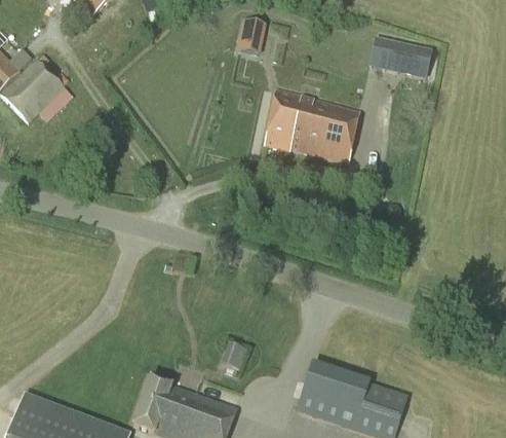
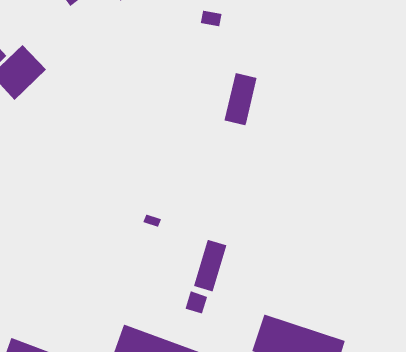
building: [367,36,431,77] -> none
building: [291,96,362,162] -> none
building: none -> [193,239,227,292]

